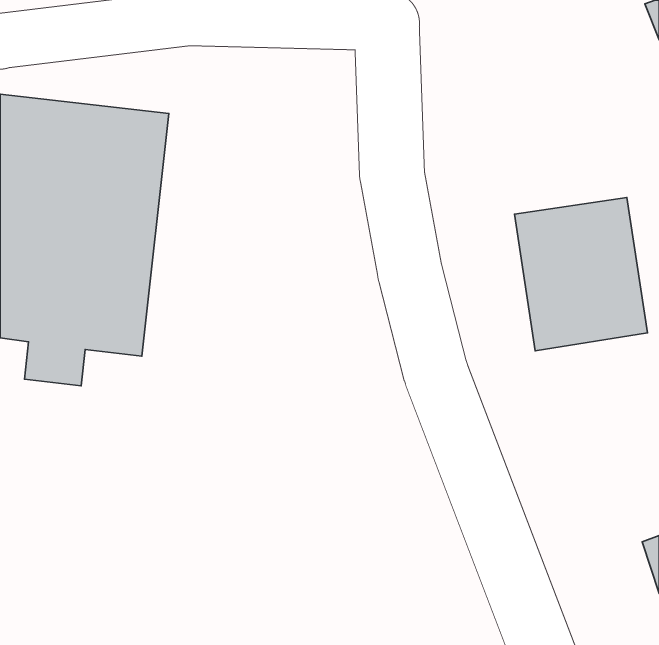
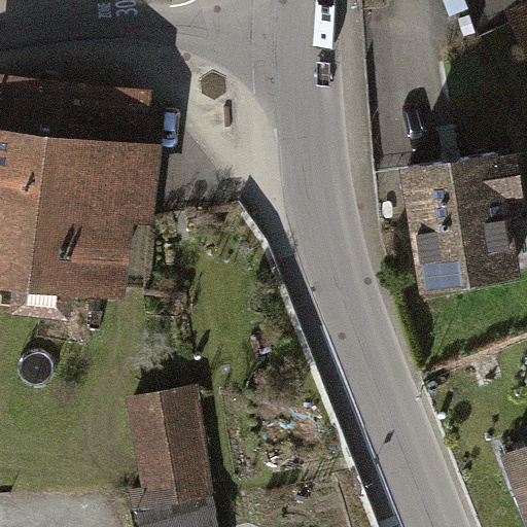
building: none -> [131,396,214,513]

